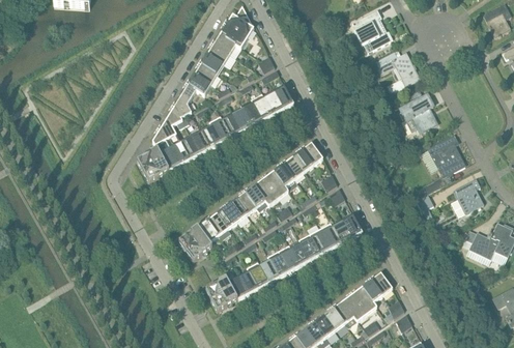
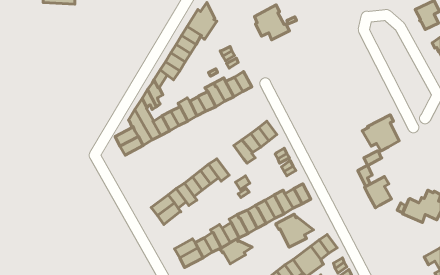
building: [352,8,393,49] -> [254,5,290,40]
building: [374,50,419,93] -> none
building: [400,93,437,132] -> none
building: [254,170,289,205] -> none
building: [453,177,484,213] -> [365,177,392,208]
building: none -> [276,214,314,247]
building: none -> [220,239,252,264]

